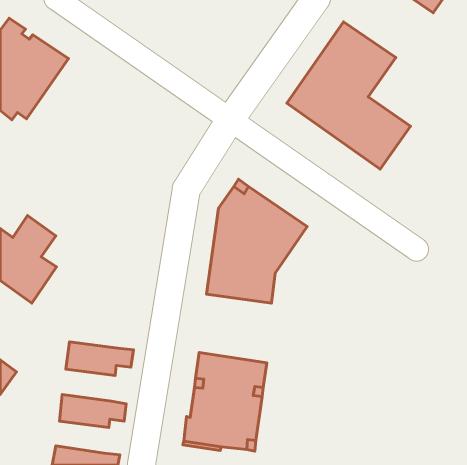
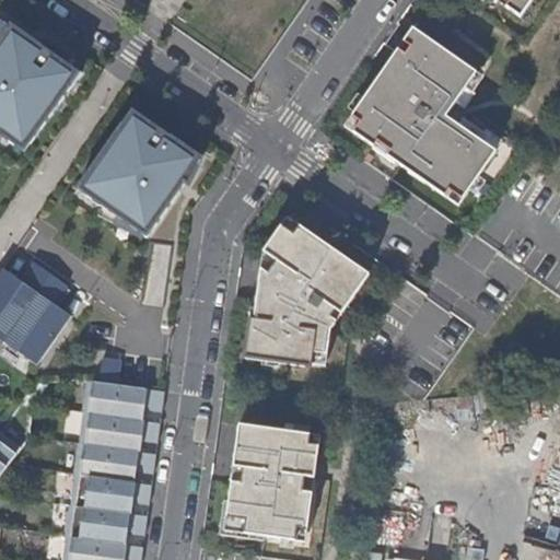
building: none -> [83,105,202,234]
building: none -> [81,378,164,417]
building: none -> [73,442,155,480]
building: none -> [65,504,147,542]

